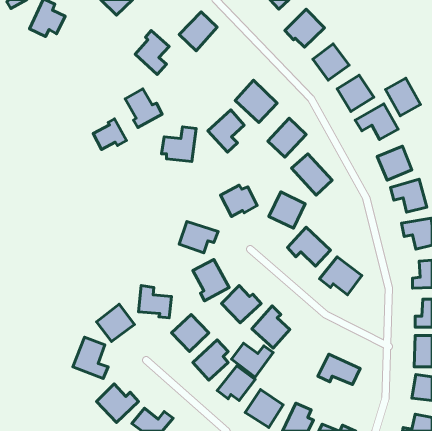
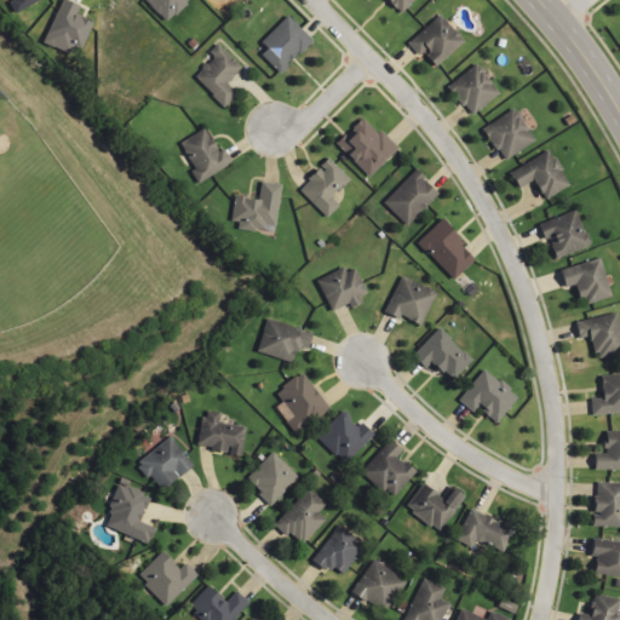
building: [386,78,421,116] -> none
building: [93,119,126,149] -> none
building: [232,343,273,377] -> [406,483,465,532]

